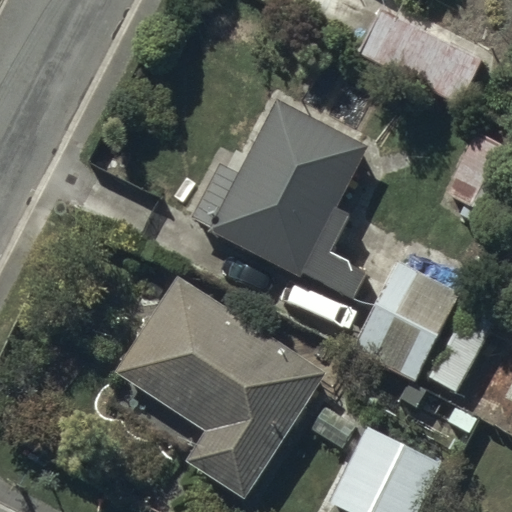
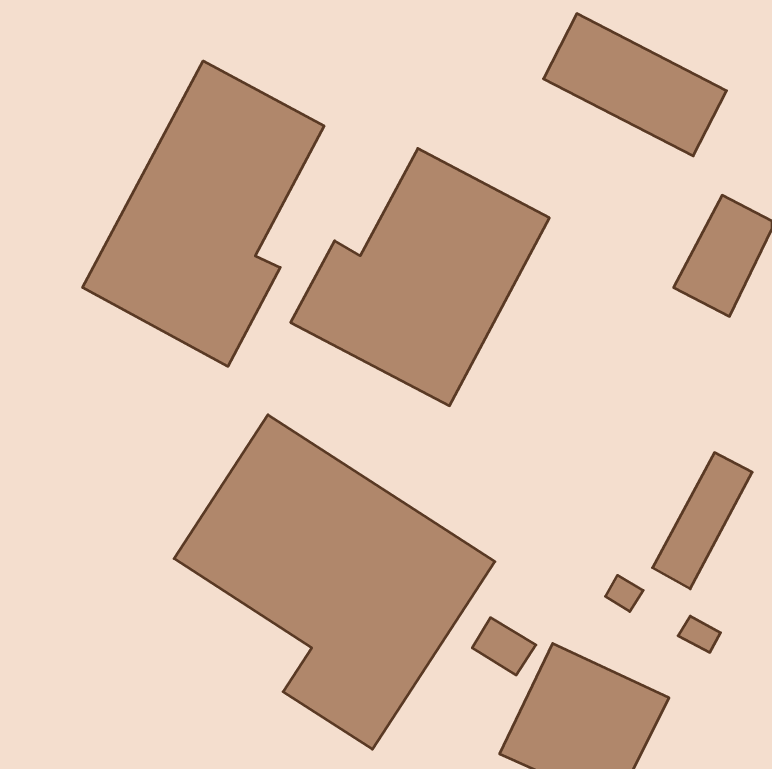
building: none -> [83,61,324,366]
building: [355,262,459,378] -> none

